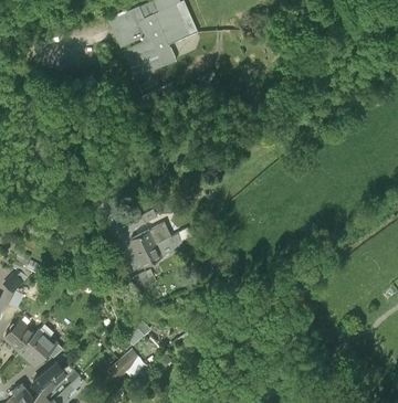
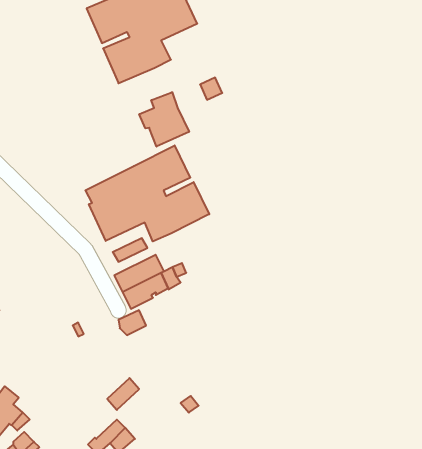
building: none -> [139,92,189,147]
building: none -> [85,145,209,241]

